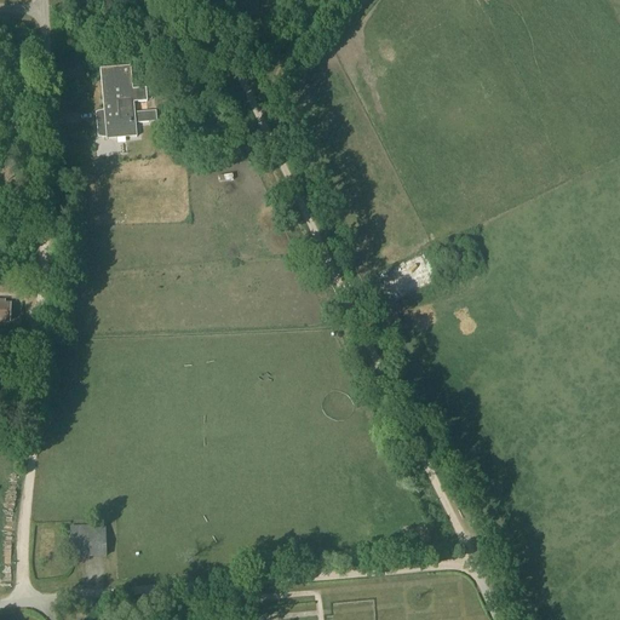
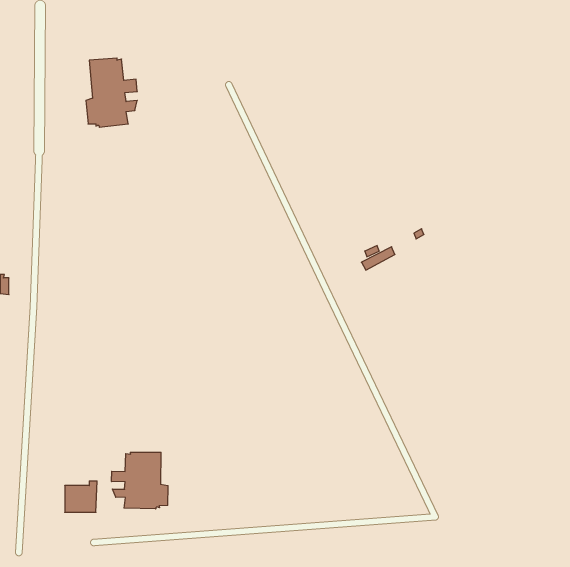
building: none -> [112,452,168,509]

